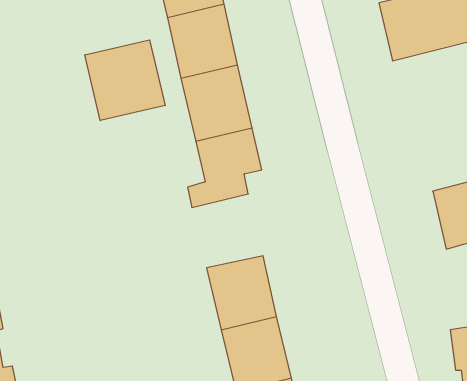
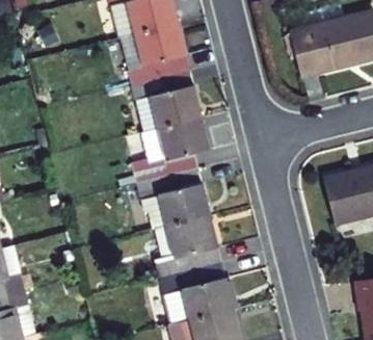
building: [85,40,165,121] -> none
building: none -> [150,177,205,234]

